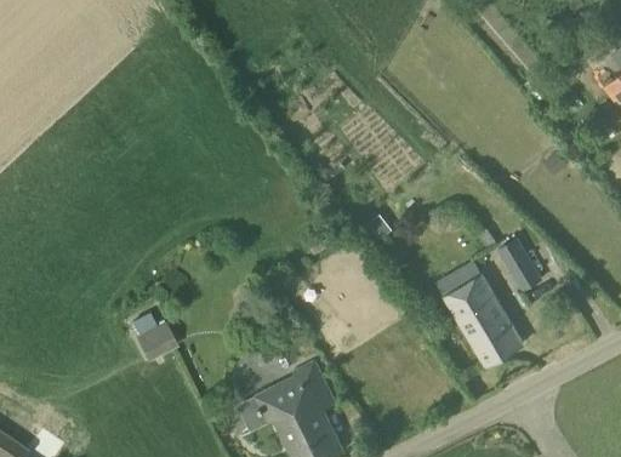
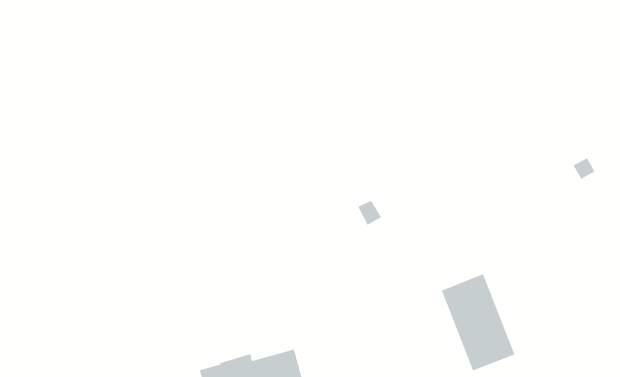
building: [496,239,541,291] -> none
building: [131,314,173,353] -> none

